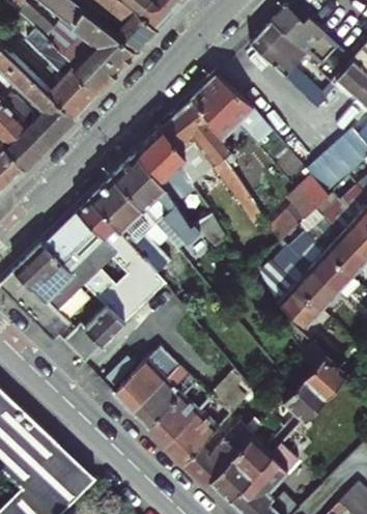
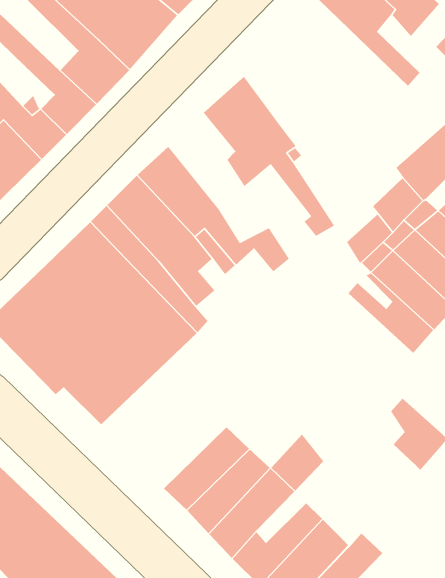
building: [191,74,272,143] -> none
building: [135,127,192,200] -> none
building: [258,263,319,326] -> none
building: [115,349,178,410] -> none
building: [282,377,324,420] -> none

